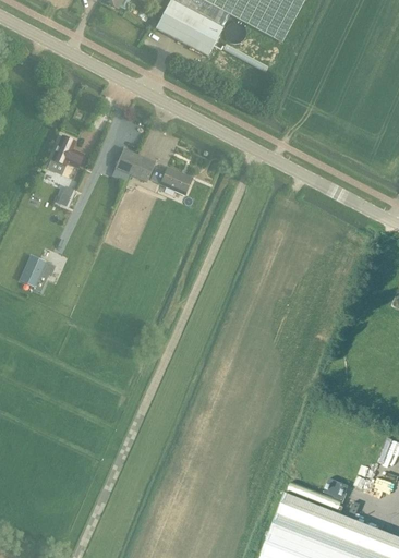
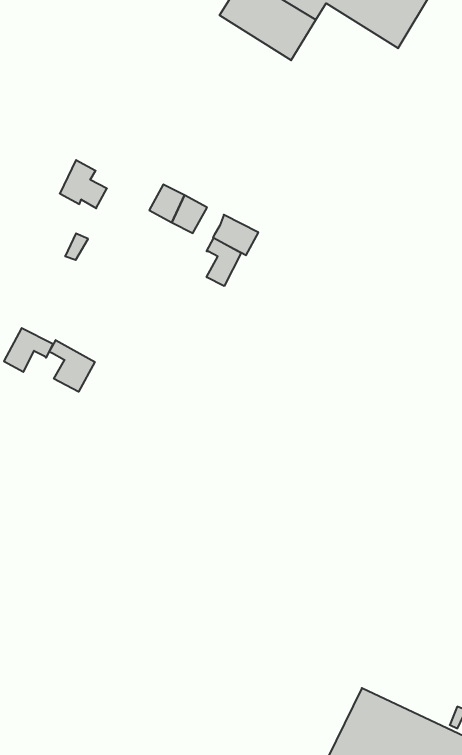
building: none -> [207,238,241,286]
building: none -> [49,340,95,392]

